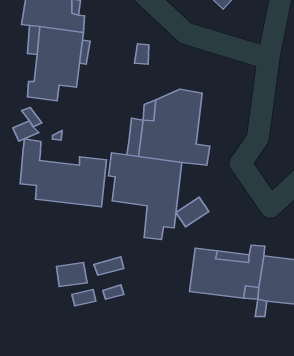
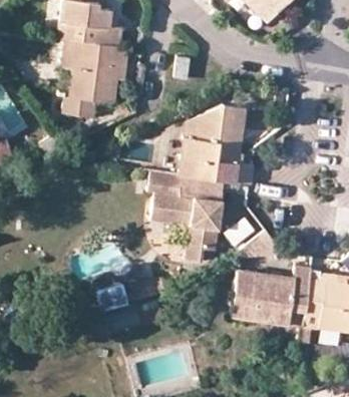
building: [20,139,106,207] -> none

